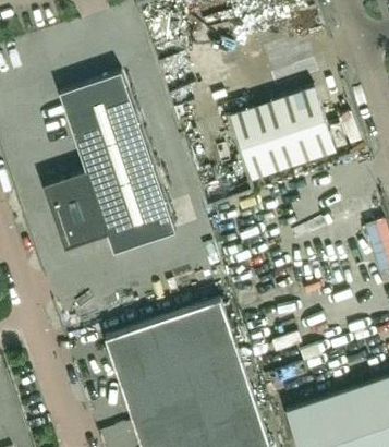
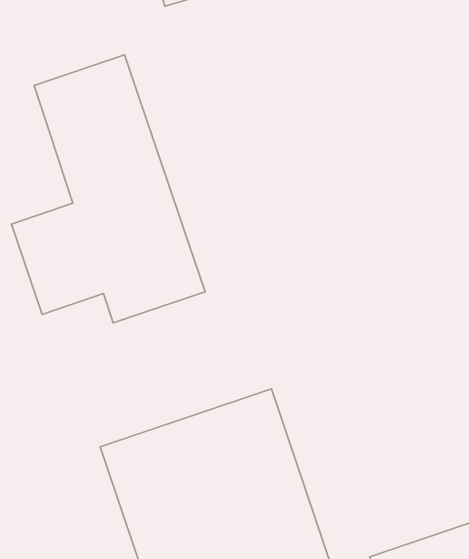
building: [229,88,335,180] -> none

